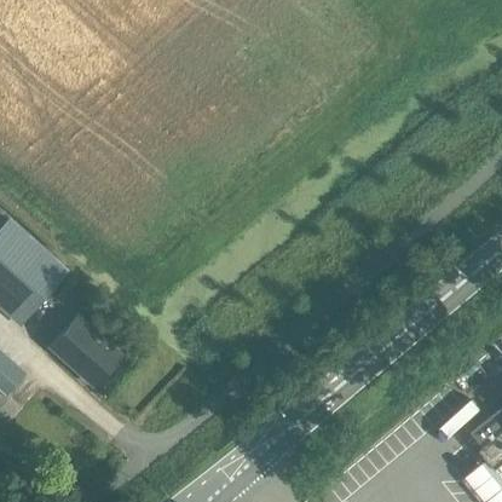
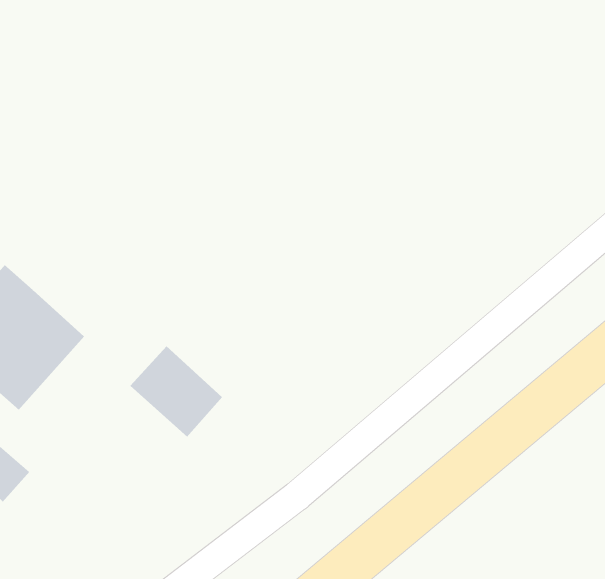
building: [51,317,121,386] -> [129,346,223,437]

